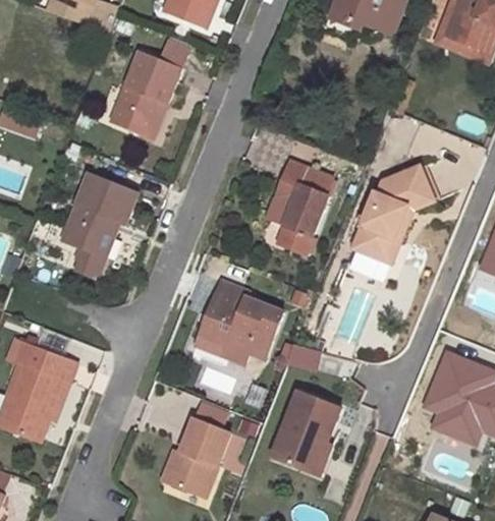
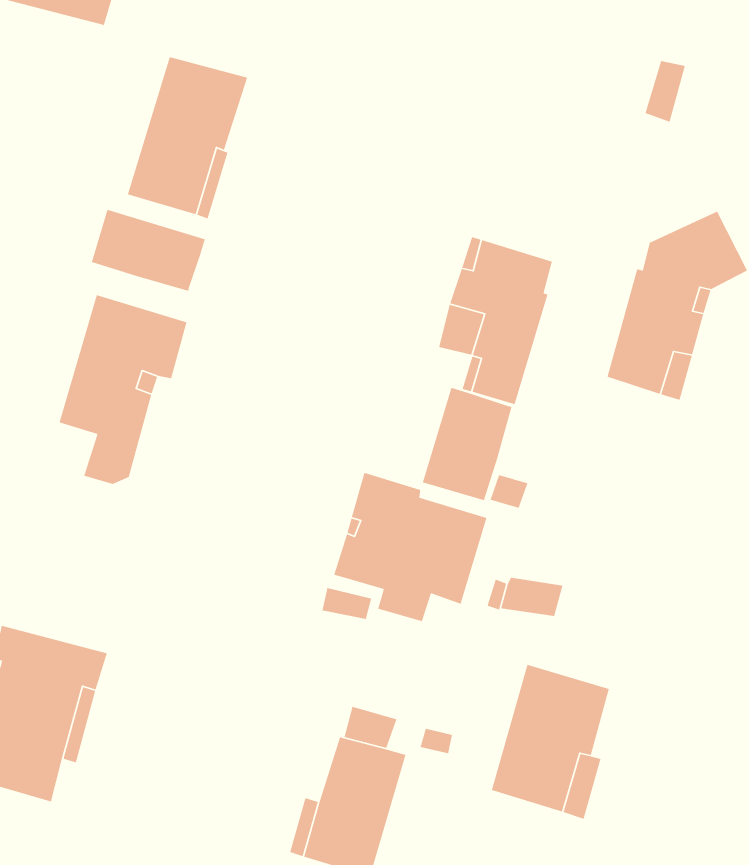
building: none -> [91,209,206,292]
building: none -> [422,387,512,501]

